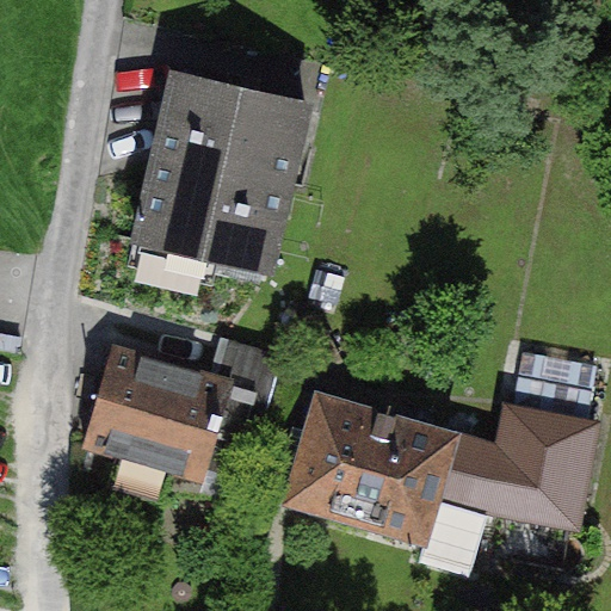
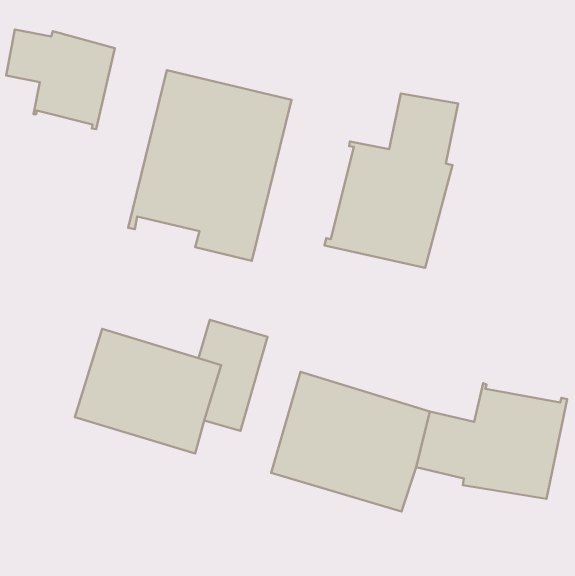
building: none -> [6,30,115,129]
building: none -> [324,94,458,268]

